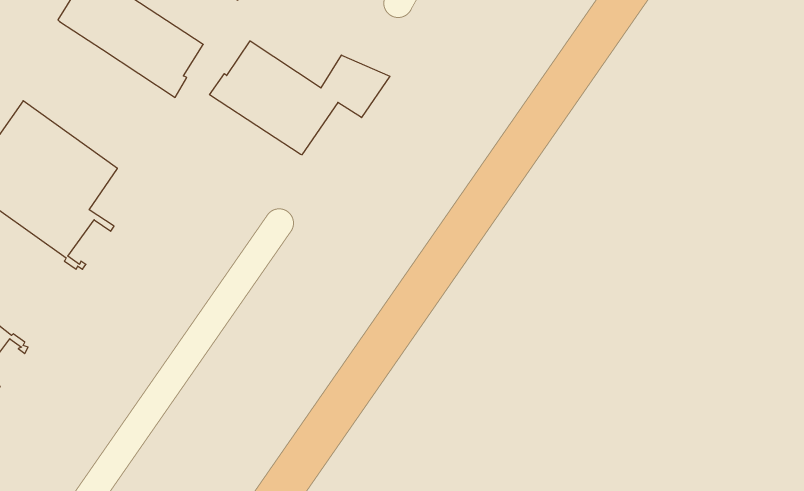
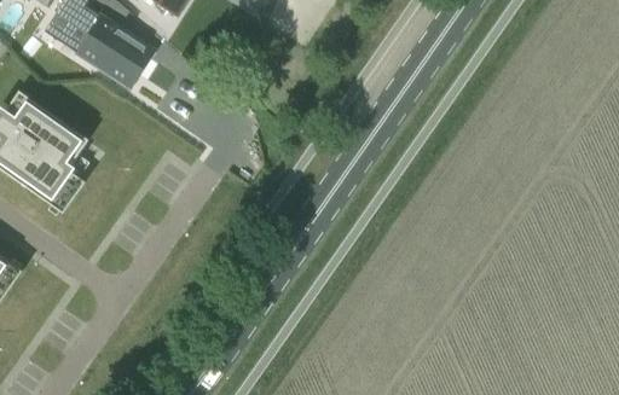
building: [210,41,390,155] -> none

